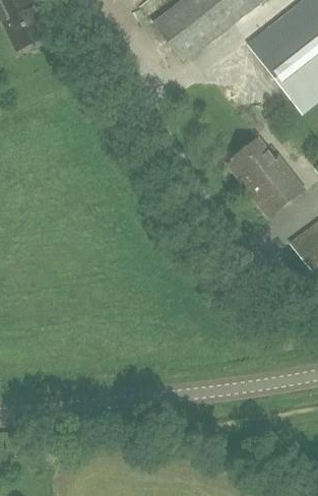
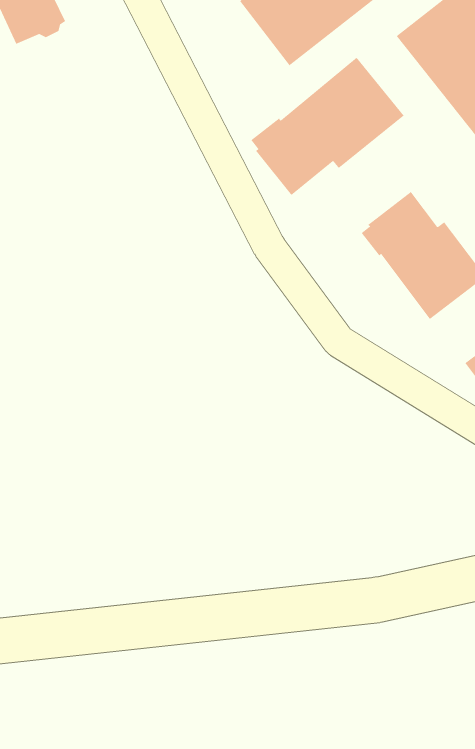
building: none -> [251,57,404,196]

